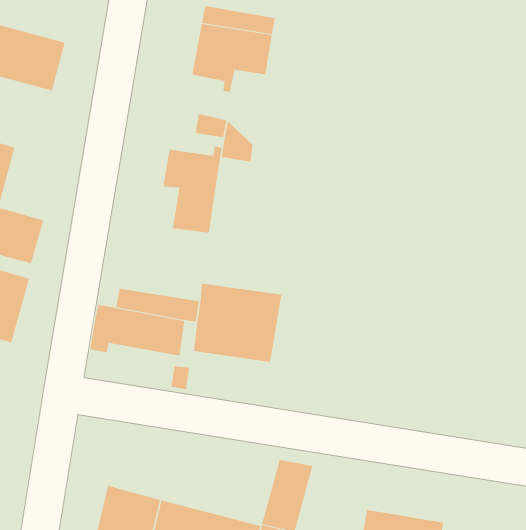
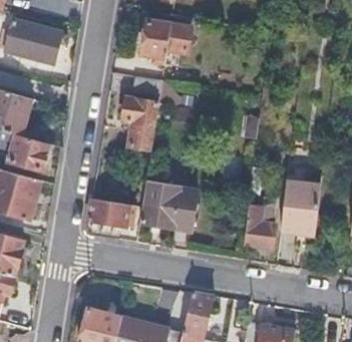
building: none -> [279,184,320,238]
building: none -> [244,205,275,250]

